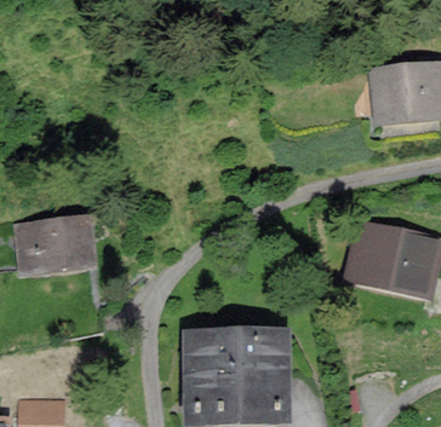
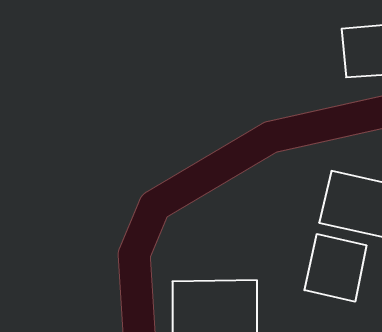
building: [18,217,94,271] -> none
building: none -> [304,234,366,302]

